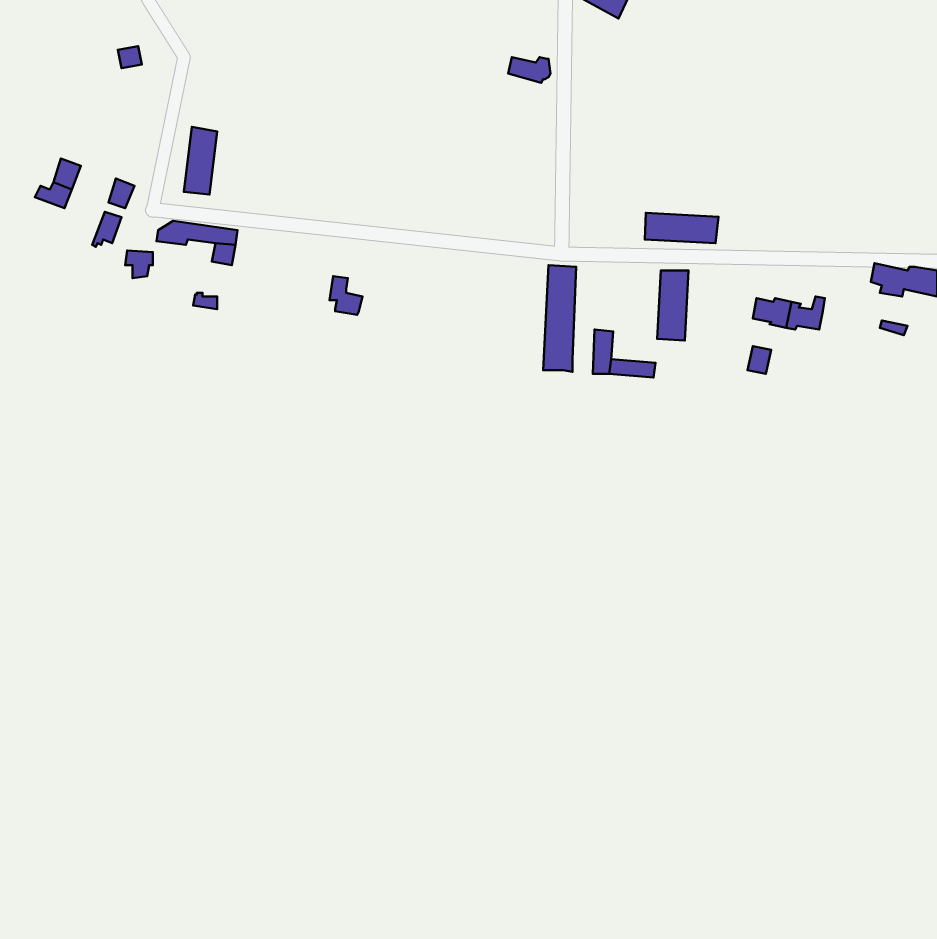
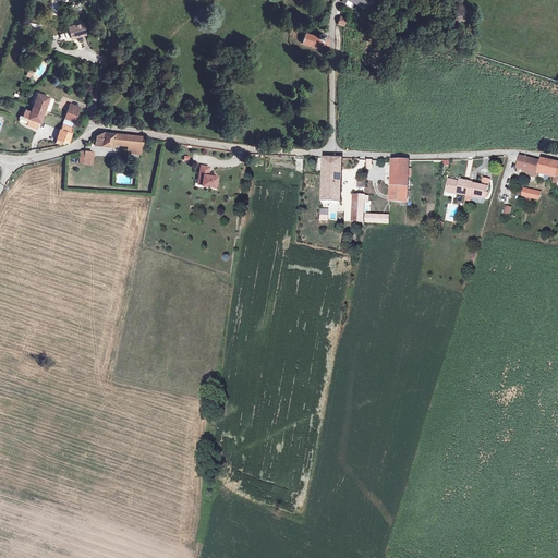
building: [184,127,217,195] -> none
building: [645,213,718,243] -> none

